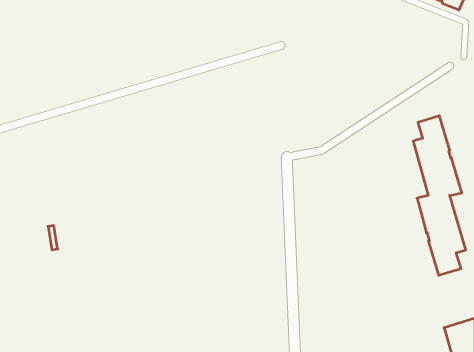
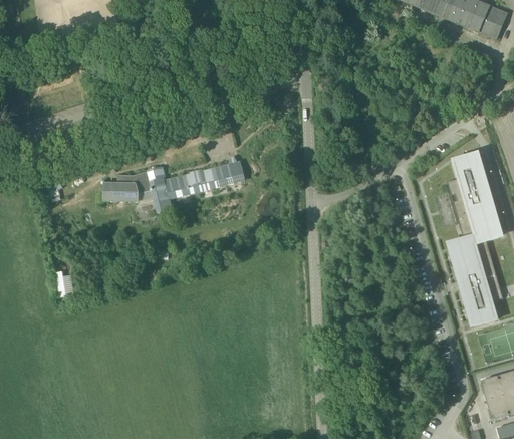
building: none -> [102,156,243,213]

